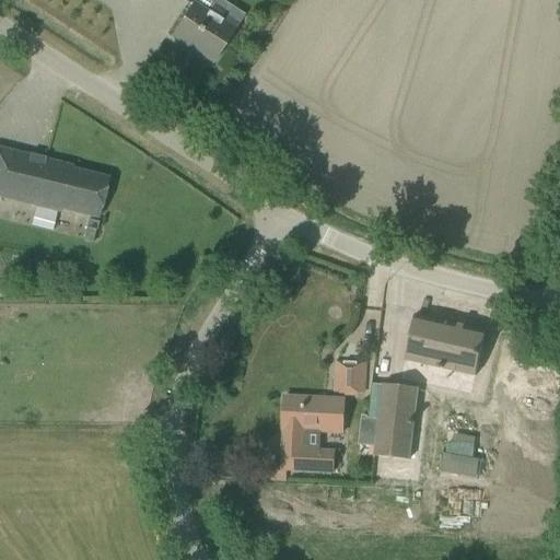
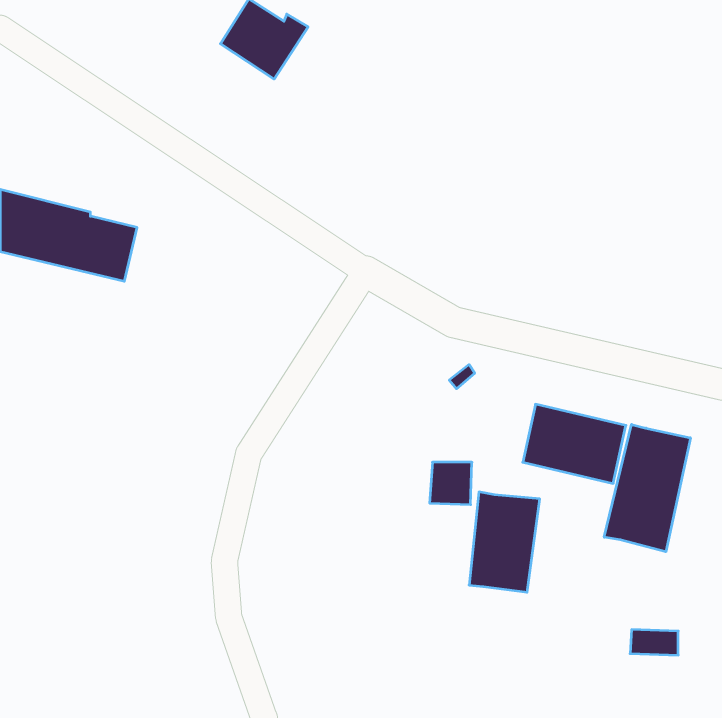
building: none -> [604,424,690,552]
building: [257,394,346,479] -> none
building: [441,453,478,472] -> [630,630,678,655]

